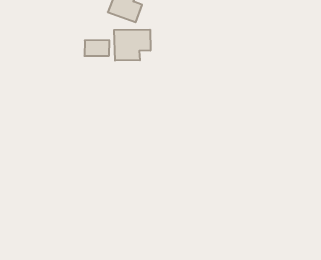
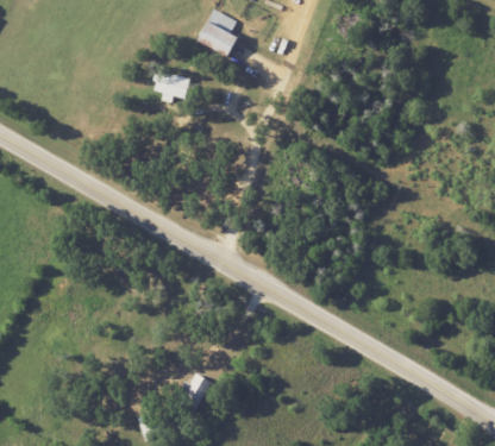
building: [114,30,150,61] -> none

